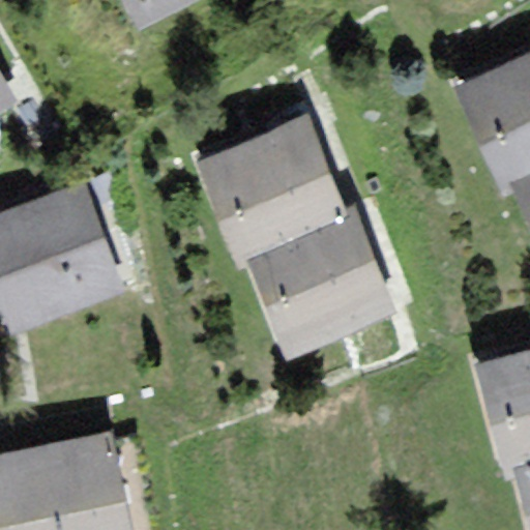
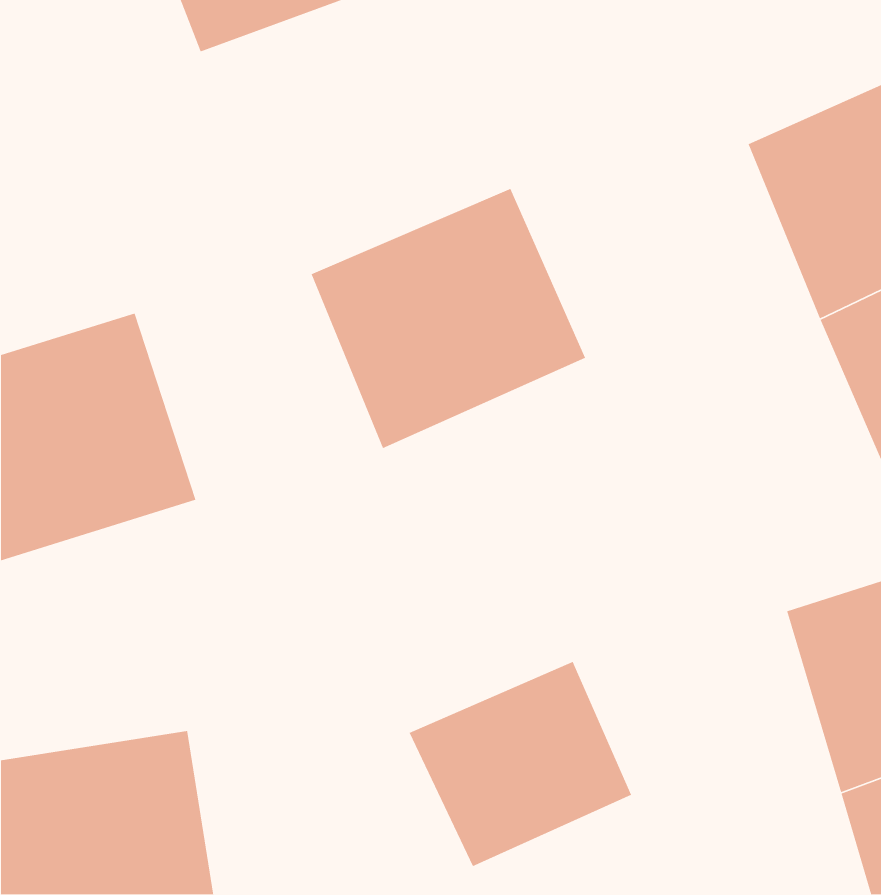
building: [235,211,398,366] -> none
building: none -> [409,661,632,867]

